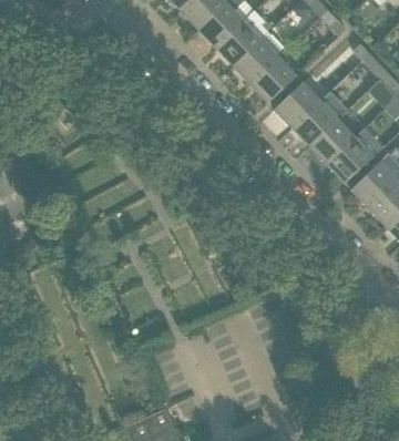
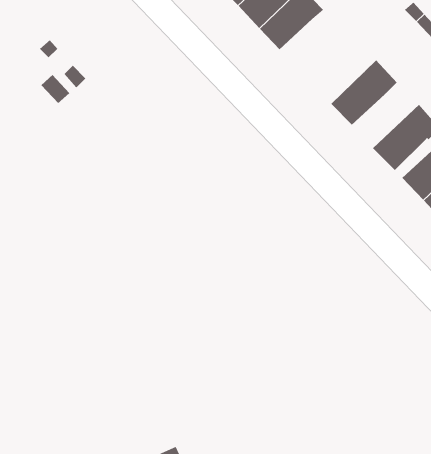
building: [249,58,295,102] -> none
building: [274,82,319,127] -> none
building: [309,120,365,164] -> none

